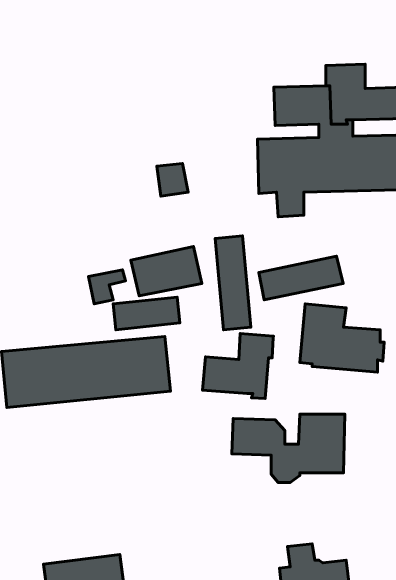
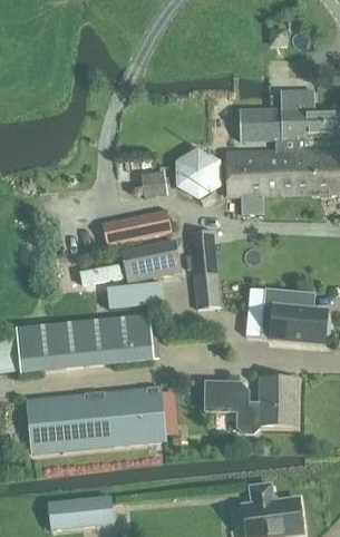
building: none -> [174,147,223,192]
building: [259,256,343,300] -> [101,211,171,246]
building: [202,334,273,398] -> none
building: none -> [27,387,165,451]

